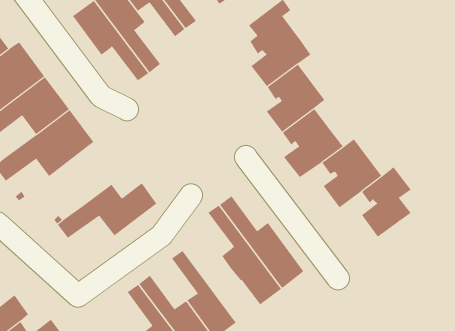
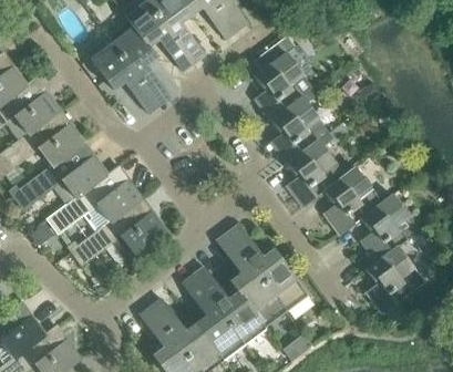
building: none -> [47,165,143,234]
building: none -> [366,247,424,313]
building: none -> [192,267,265,343]

